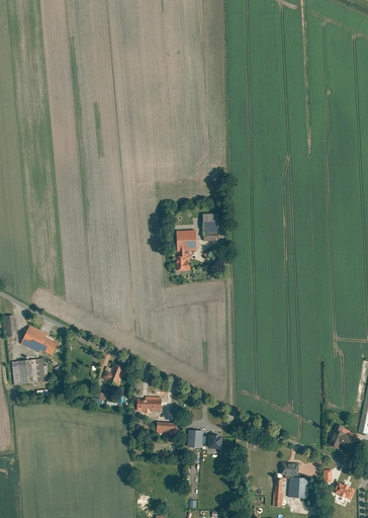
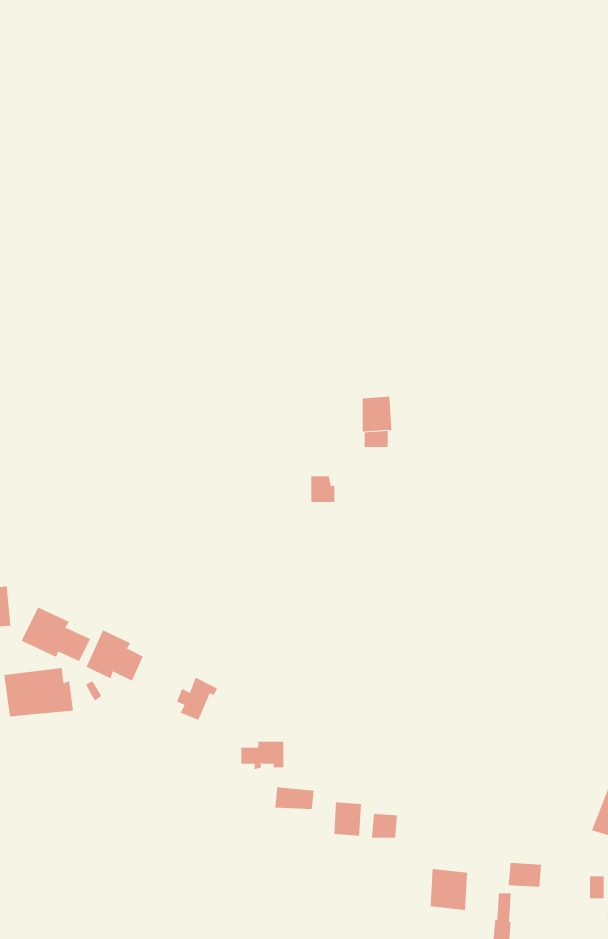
building: [178,231,198,256] -> none
building: none -> [86,629,144,681]
building: [290,477,310,499] -> [430,869,468,910]

